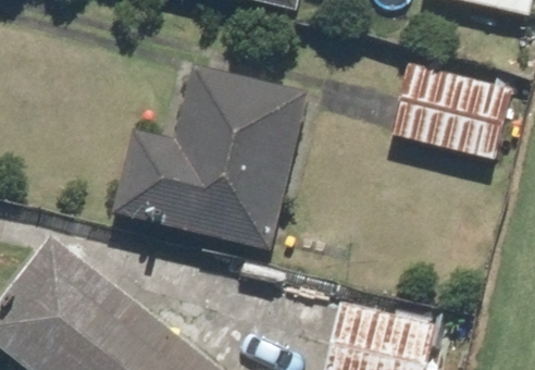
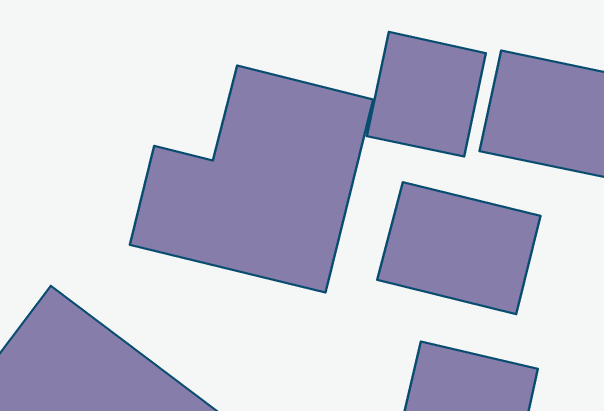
building: none -> [367,32,486,156]
building: none -> [377,182,540,314]

